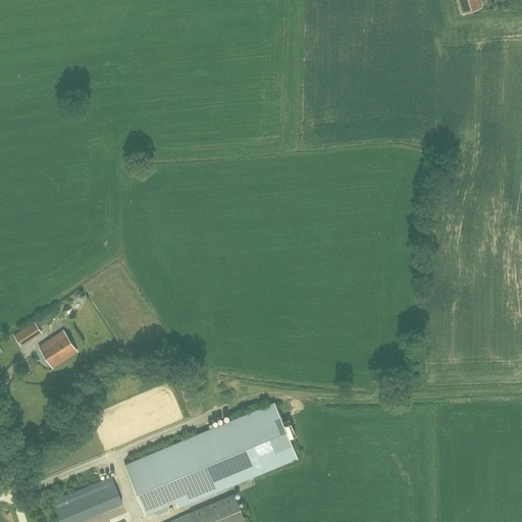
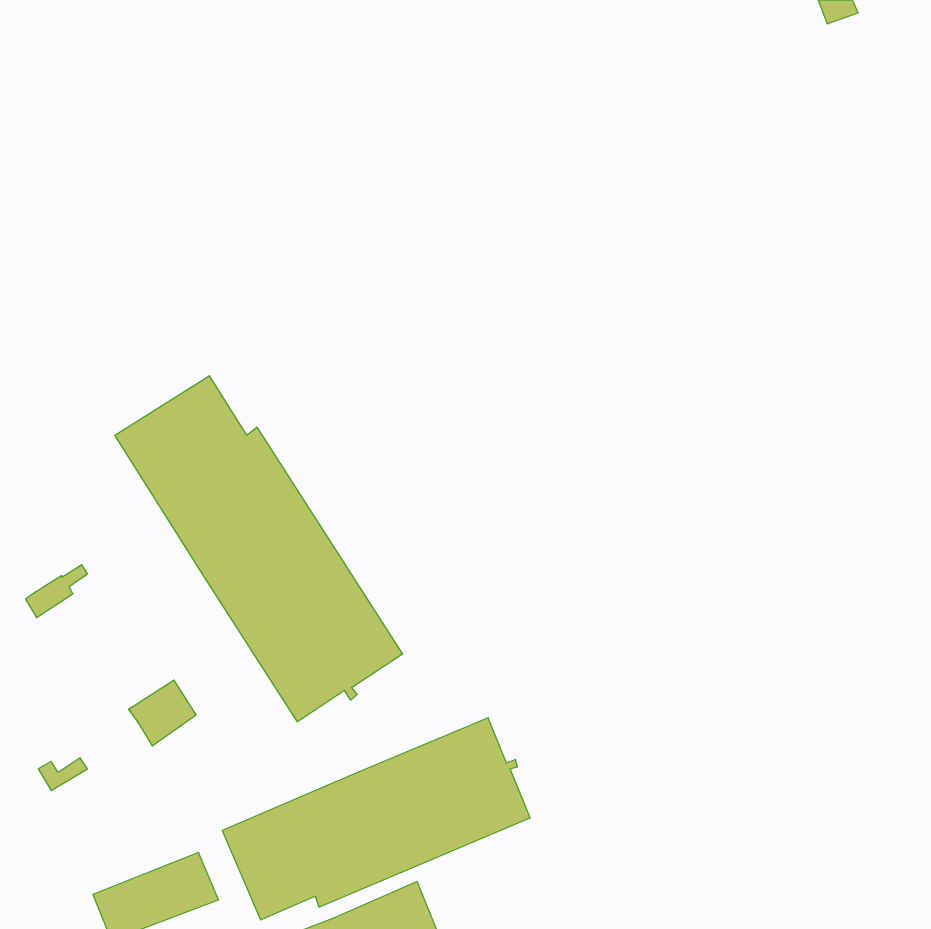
building: none -> [115,376,402,722]
building: [39,332,76,369] -> [129,680,196,746]

